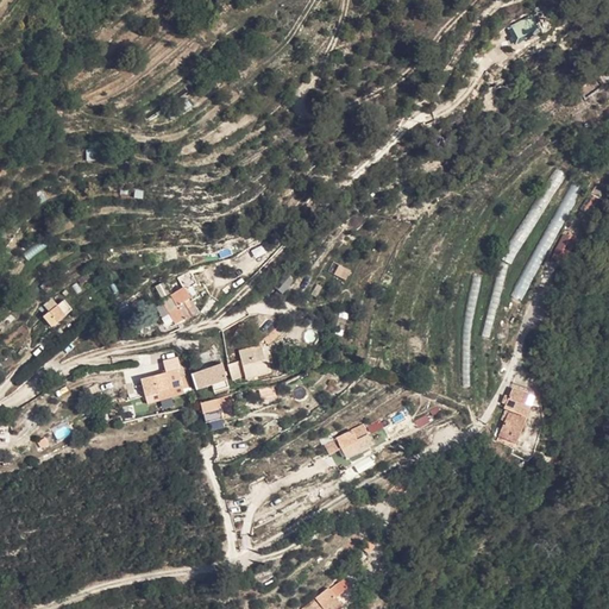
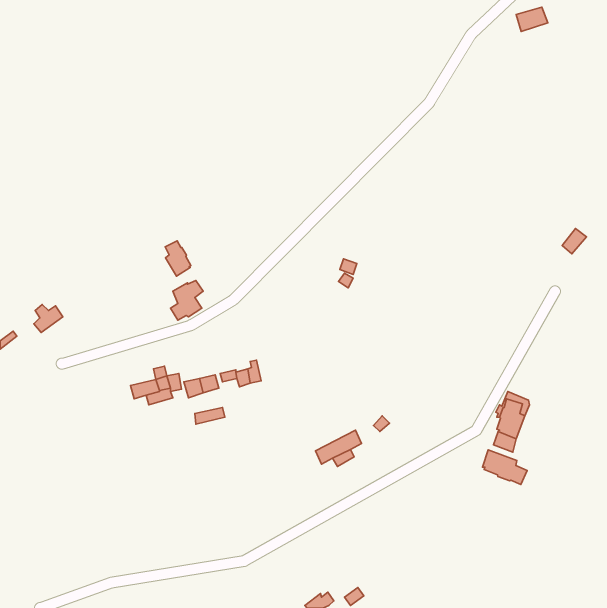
building: none -> [165,241,191,276]
building: none -> [483,450,527,484]

